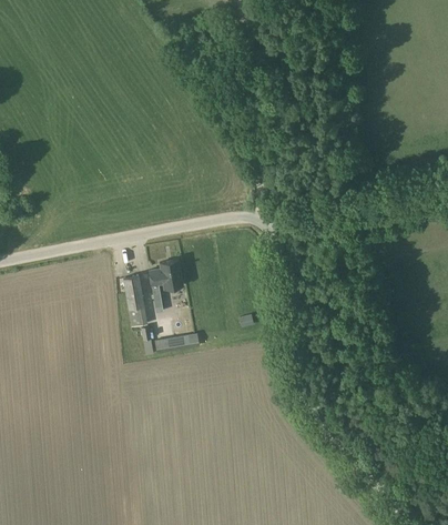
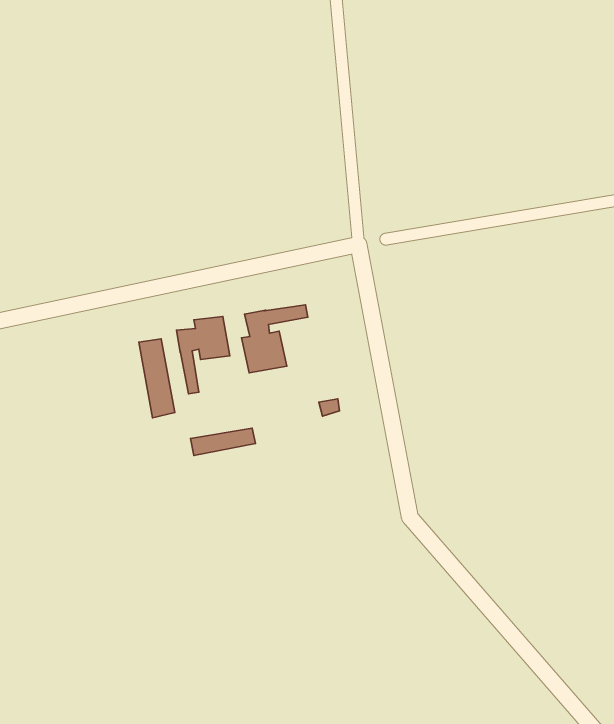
building: none -> [242,305,308,373]

